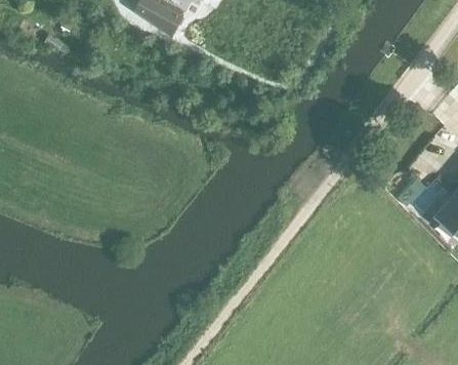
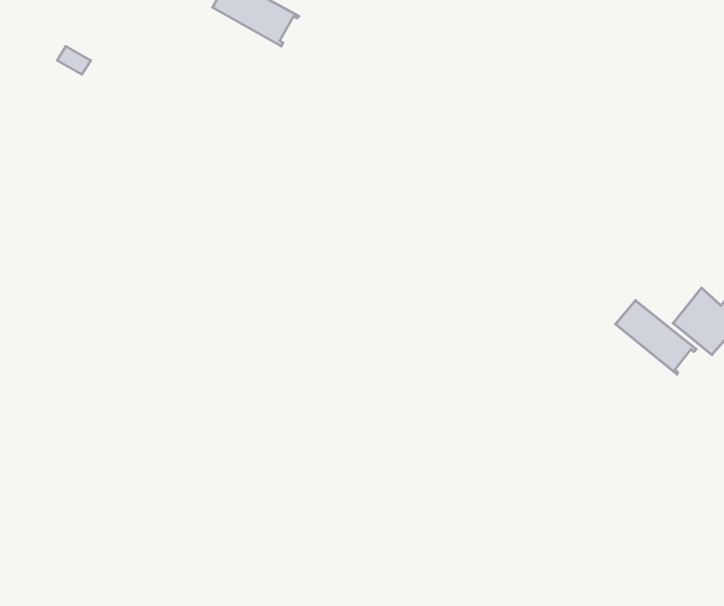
building: none -> [615,300,696,374]

